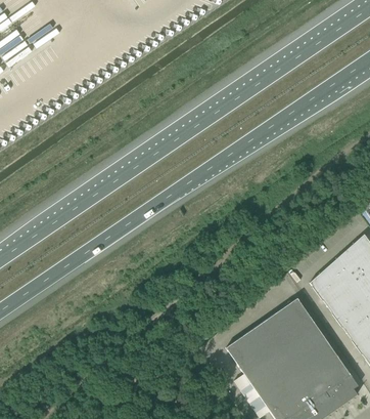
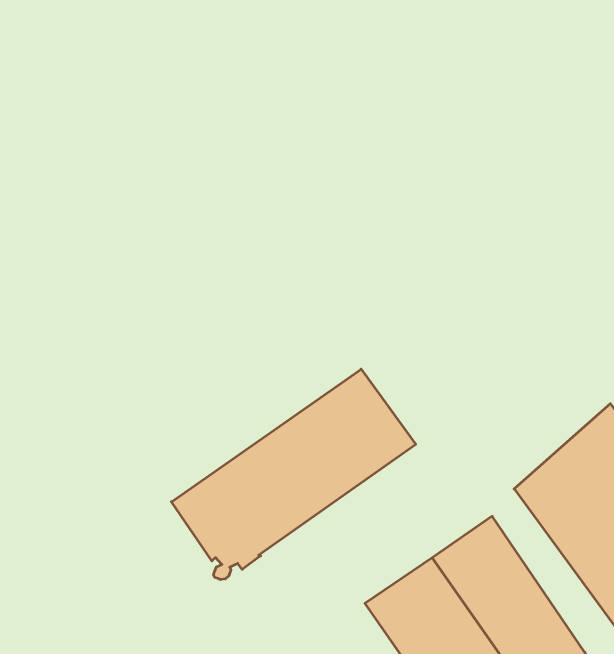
building: none -> [171,369,416,580]

